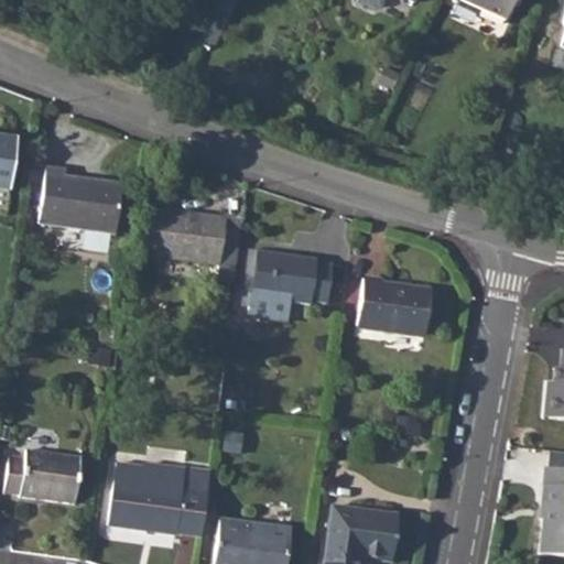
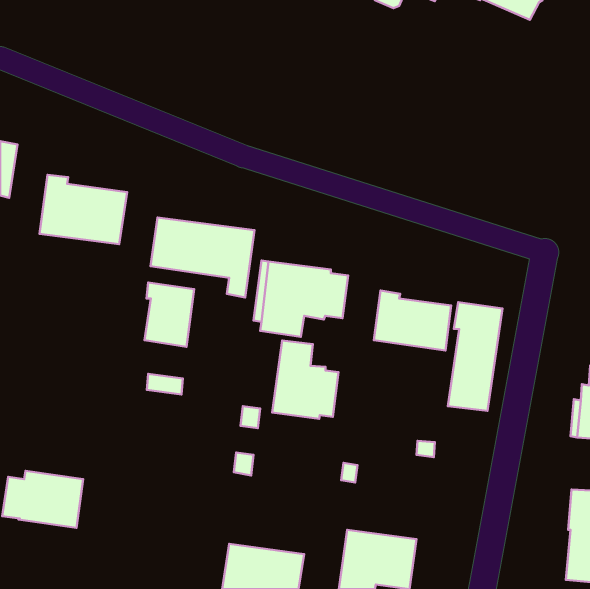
building: none -> [145,282,194,347]
building: none -> [448,302,503,411]
building: none -> [272,341,339,419]
building: [108,462,209,535] -> none

